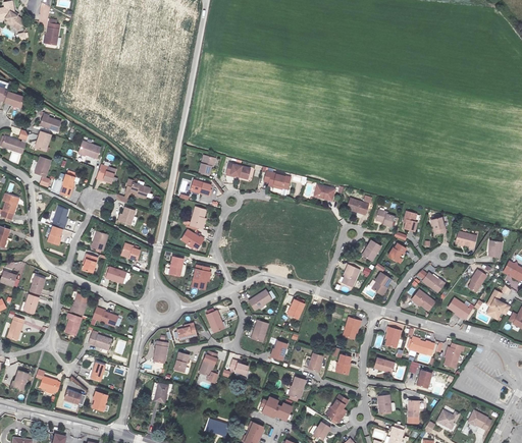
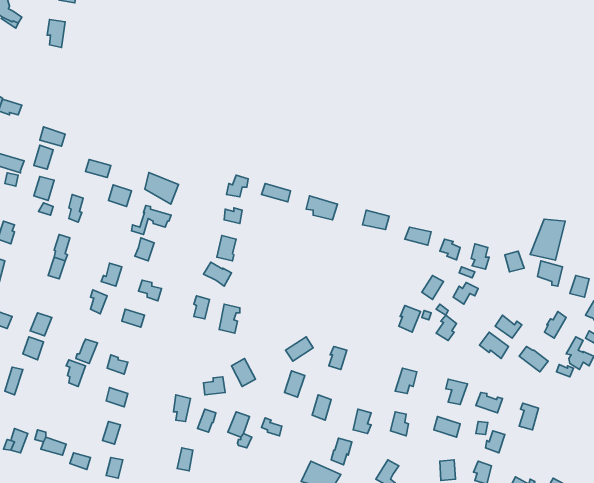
building: none -> [145,172,178,204]
building: none -> [530,219,565,260]

